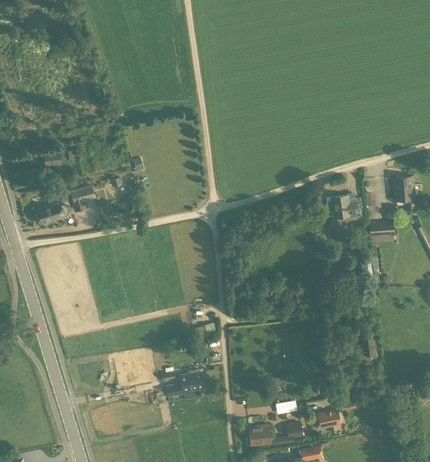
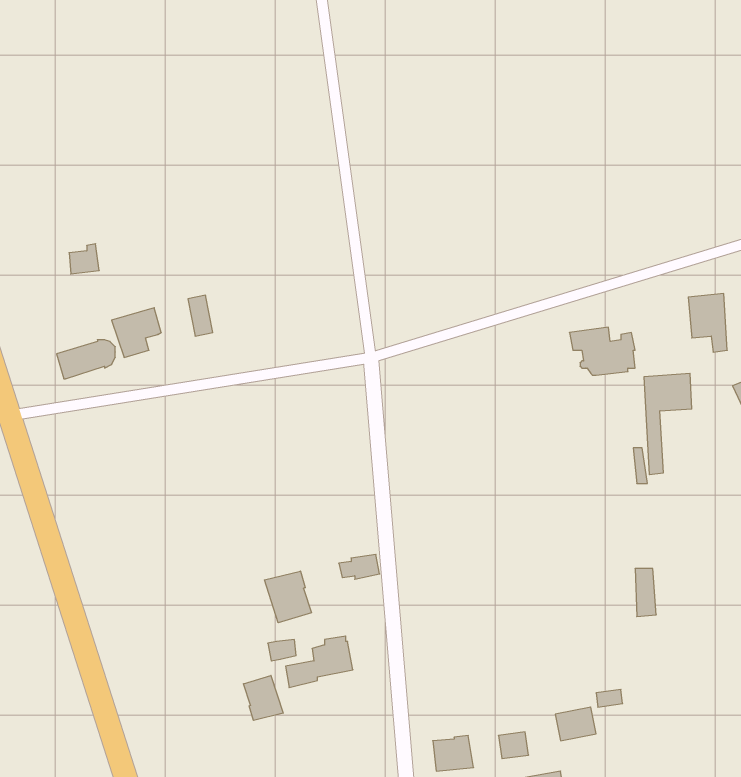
building: none -> [264,571,312,623]
building: none -> [243,675,283,720]

